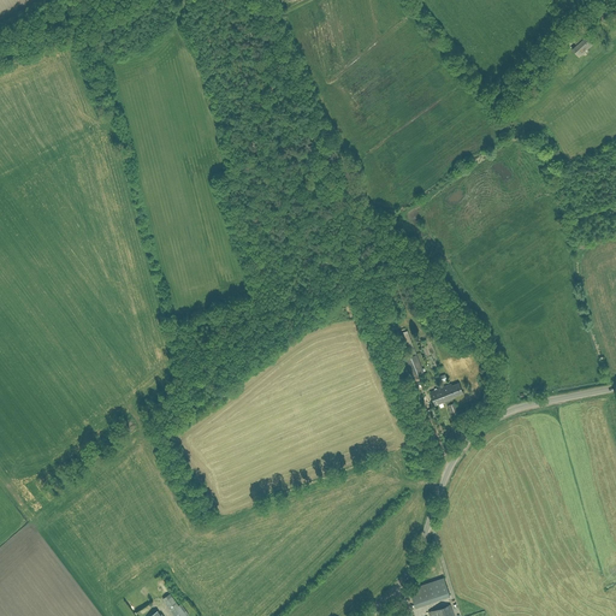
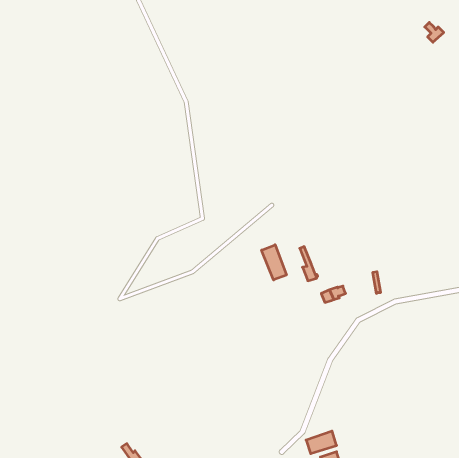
building: none -> [262,245,286,280]

